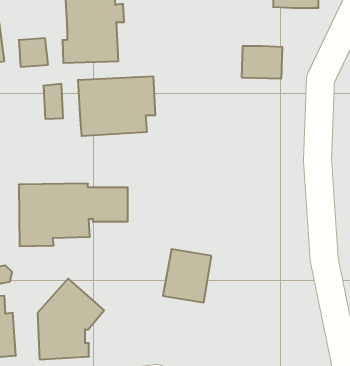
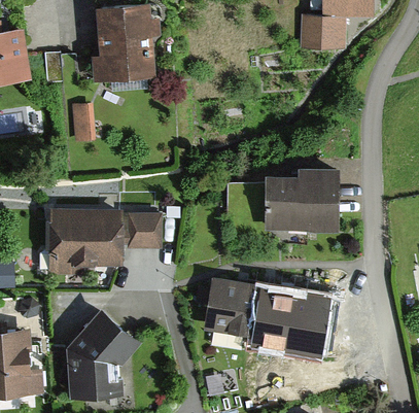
building: [242,46,282,78] -> [300,16,344,51]
building: [78,76,155,136] -> none
building: none -> [266,171,339,231]
building: none -> [245,283,333,363]

